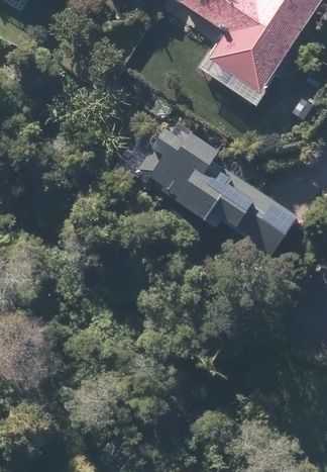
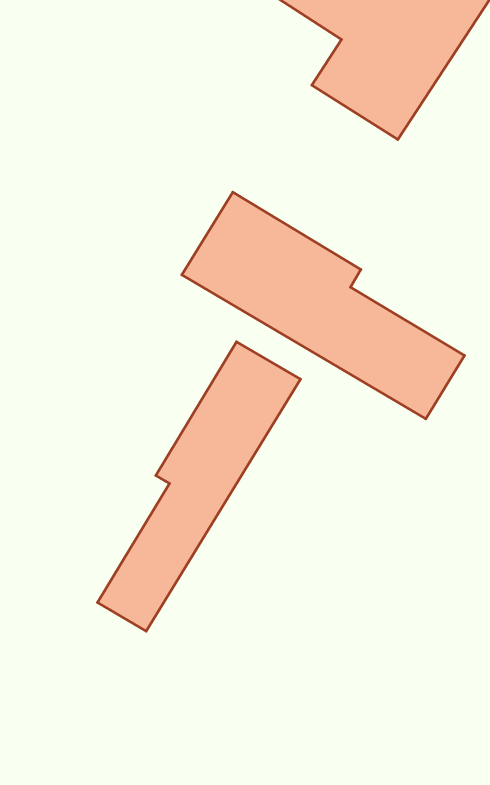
building: none -> [98,342,300,631]

